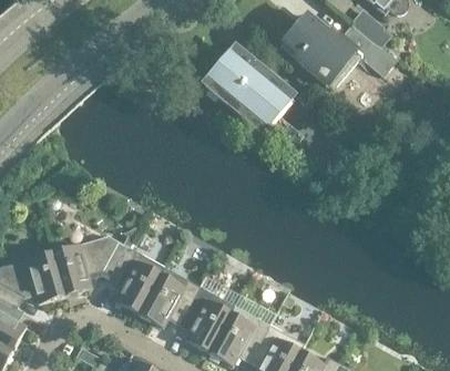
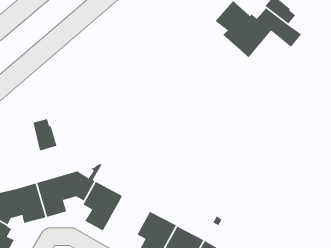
building: [206,49,292,132] -> none
building: none -> [33,118,57,151]
building: [140,267,200,327] -> none

